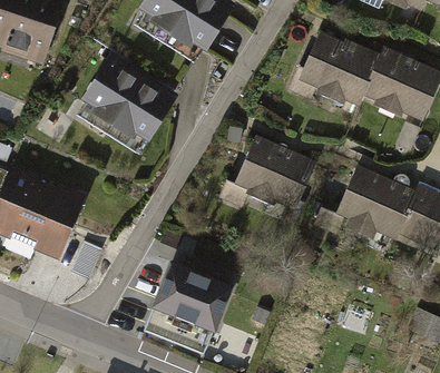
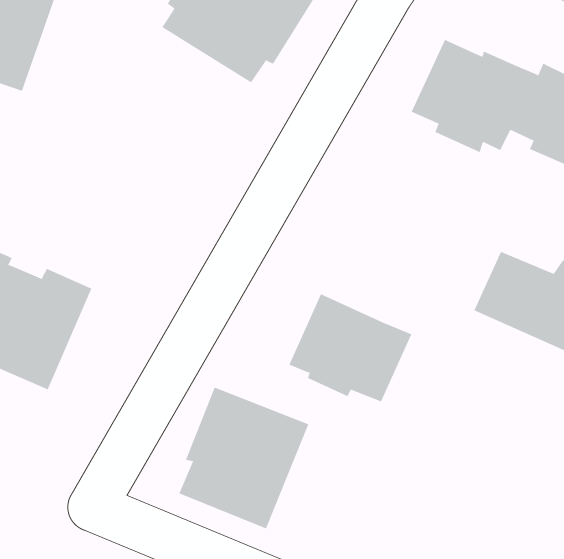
building: [78,53,177,151] -> none
building: [234,136,315,207] -> [288,293,412,402]

